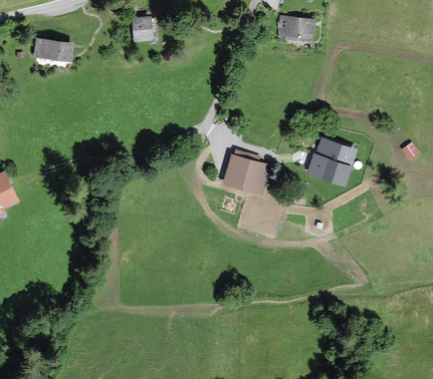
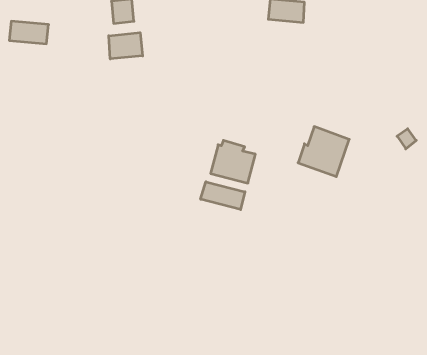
building: none -> [109,33,143,59]
building: none -> [201,182,245,210]

